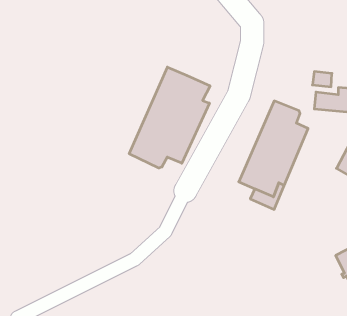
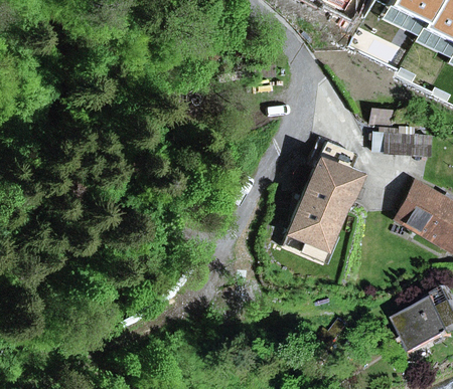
building: [129,67,210,168] -> none

